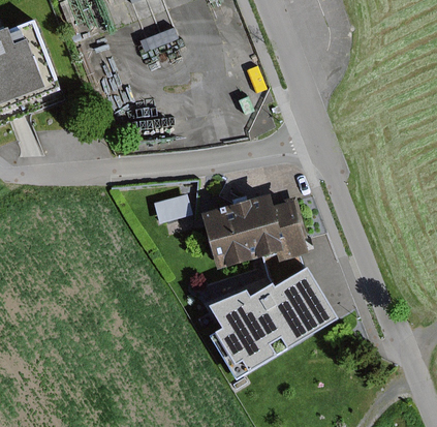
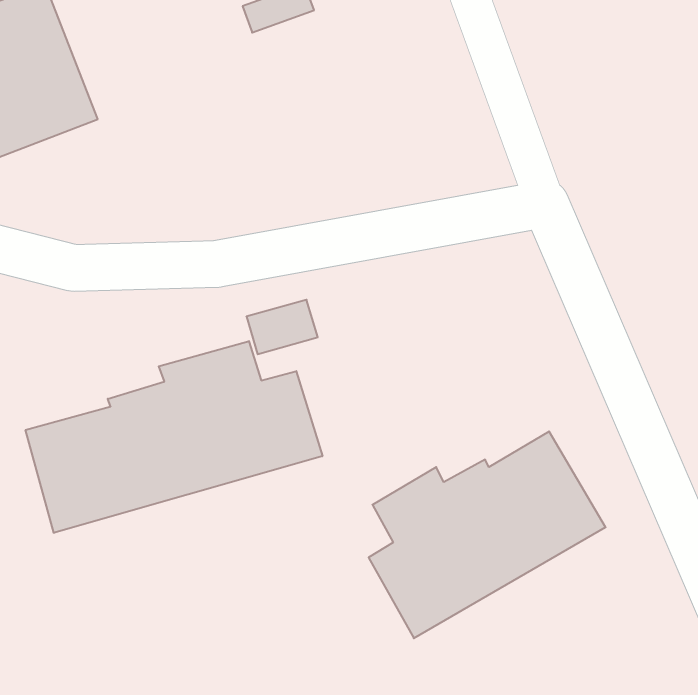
building: [186,191,296,268] -> none
building: none -> [26,341,322,533]

